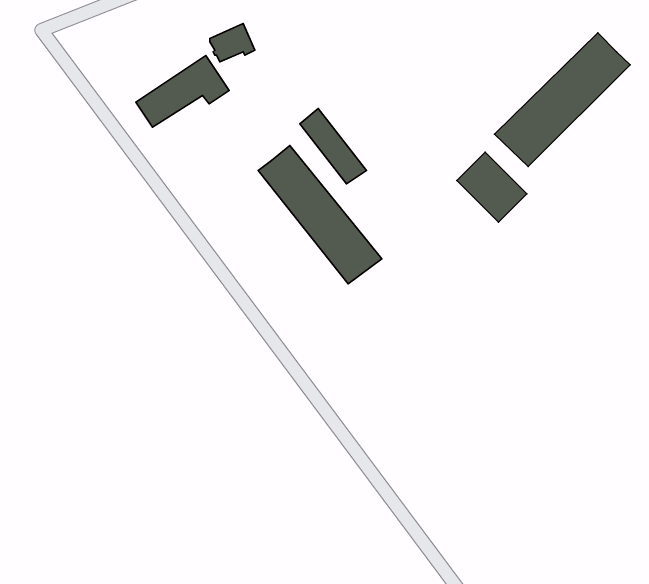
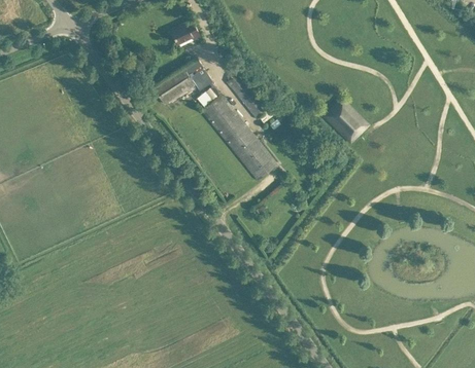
building: [494,33,630,166] -> none
building: [136,55,229,127] -> [154,60,211,104]

